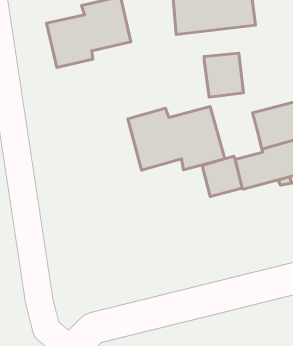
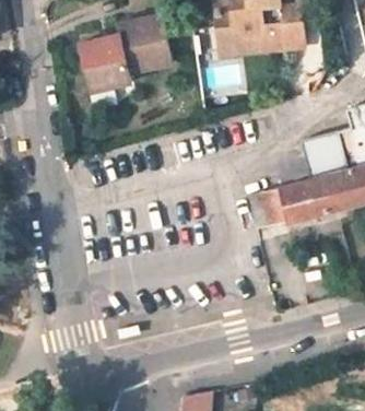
building: [204,53,243,97] -> none
building: [128,106,225,170] -> none

